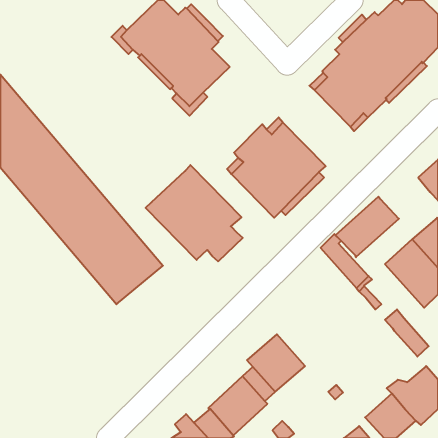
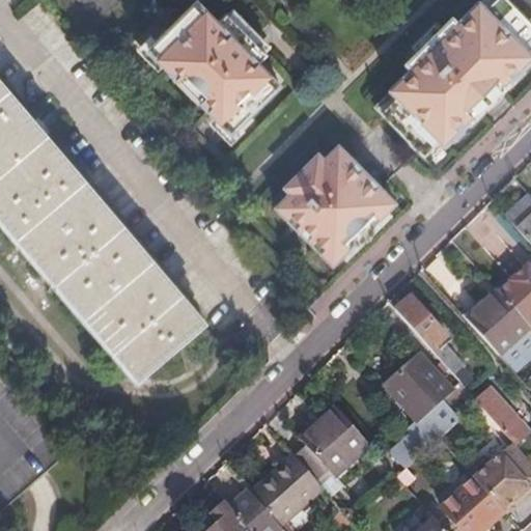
building: [146,165,243,261] -> none
building: [335,197,399,257] -> none
building: none -> [388,352,463,464]

